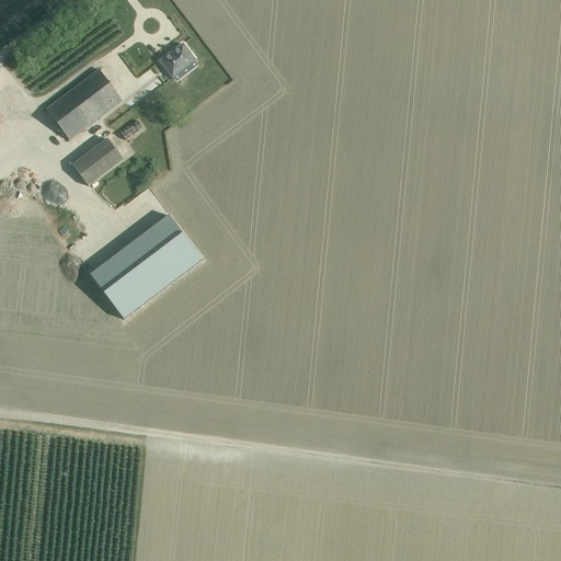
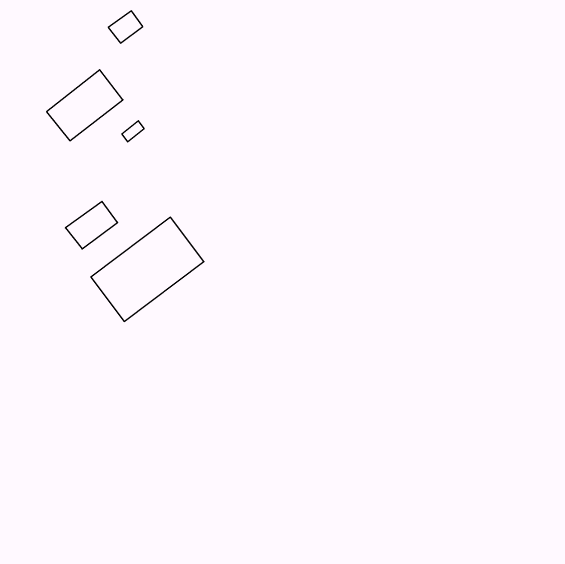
building: [159,42,193,73] -> [108,11,143,43]
building: [71,138,123,185] -> [65,201,118,249]

